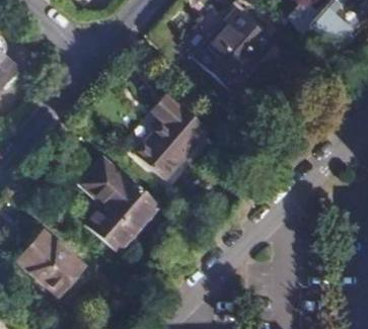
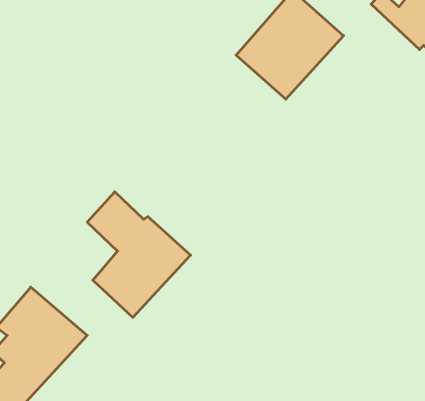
building: [141,93,212,179] -> none

